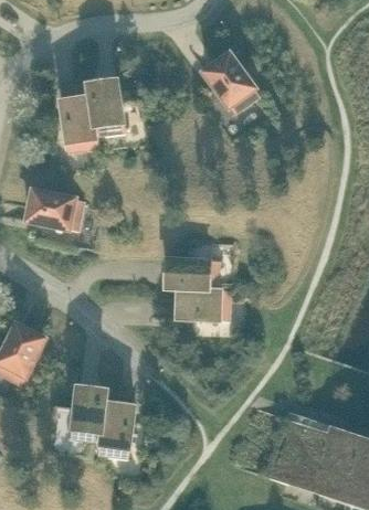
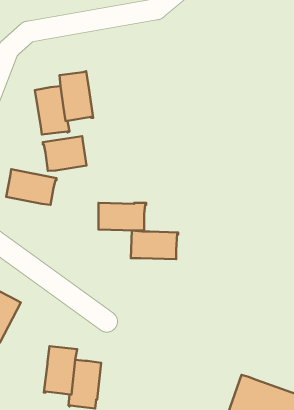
building: [204,54,260,113] -> none
building: none -> [43,136,86,171]
building: [178,289,231,320] -> [99,203,146,231]

